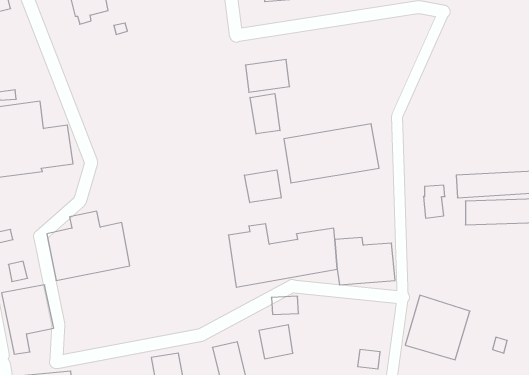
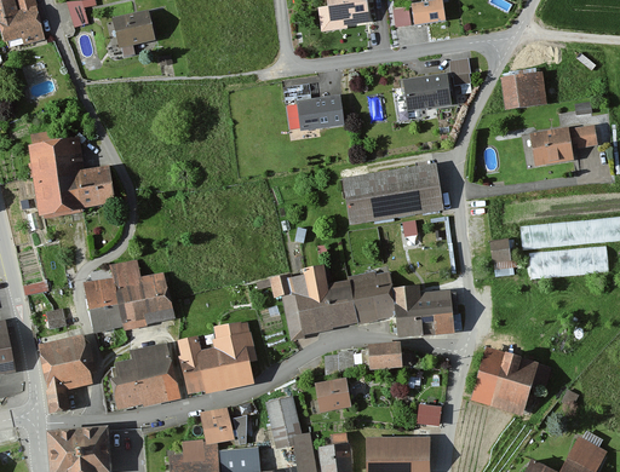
building: none -> [499,73,542,109]
building: none -> [401,75,448,110]
building: none -> [529,127,595,166]
building: [250,94,280,134] -> none
building: [244,170,281,203] -> none
building: none -> [178,318,258,392]
building: none -> [111,339,182,409]
building: none -> [368,345,402,373]

